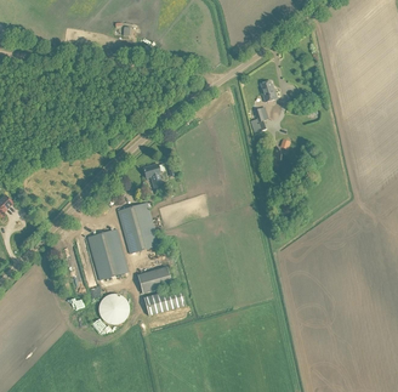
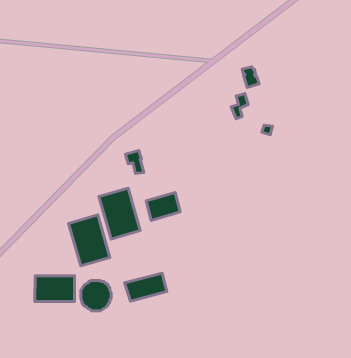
building: [137,266,171,294] -> [146,192,180,220]
building: none -> [35,276,75,301]

